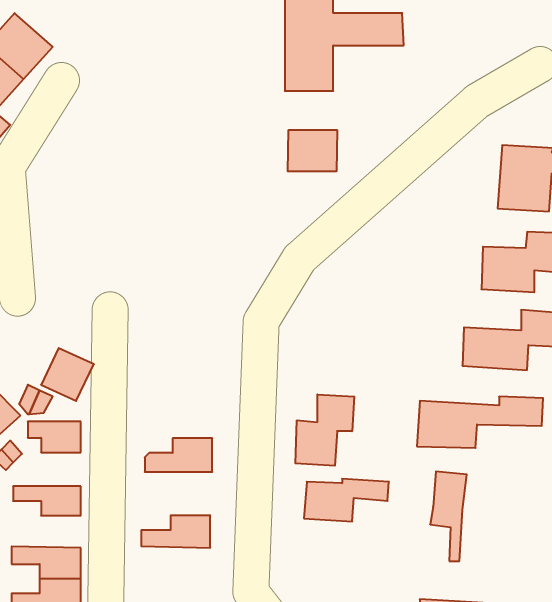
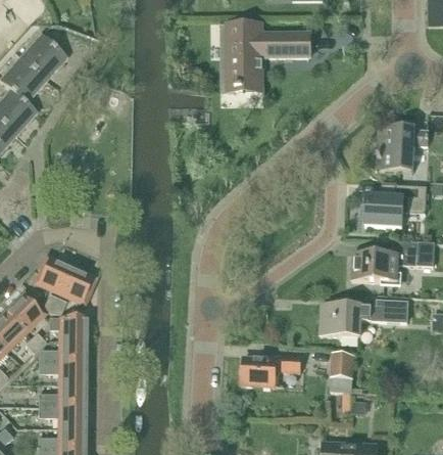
building: [288,130,337,171] -> none
building: none -> [35,256,70,291]
building: [295,394,354,466] -> none
building: [145,438,212,472] -> [39,338,86,362]
building: [141,515,210,548] -> [38,382,86,405]

